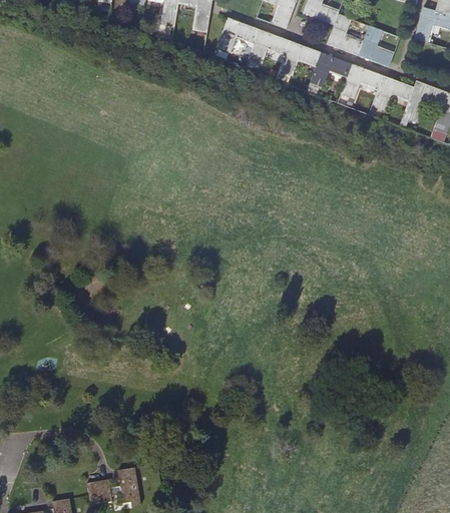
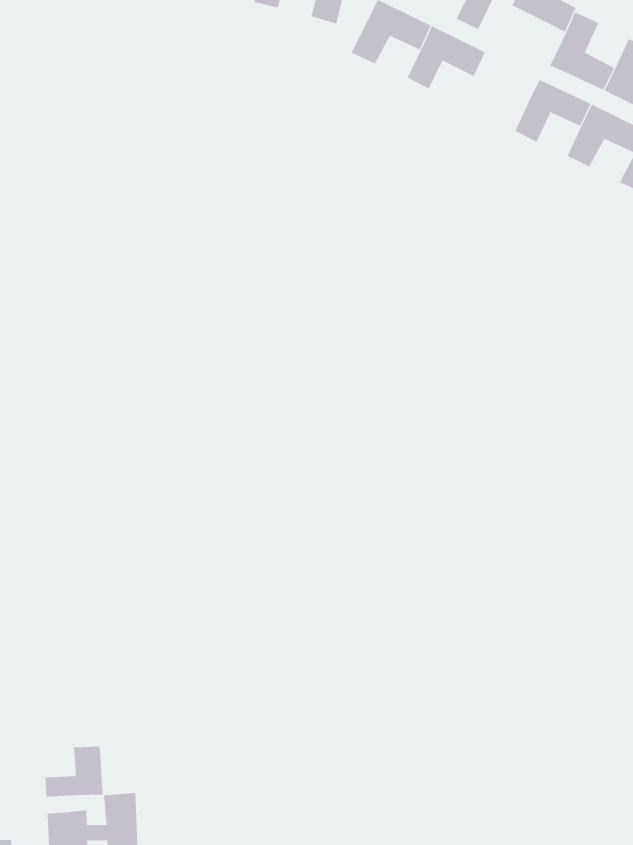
building: [278,40,321,75] -> none
building: none -> [45,746,103,797]

